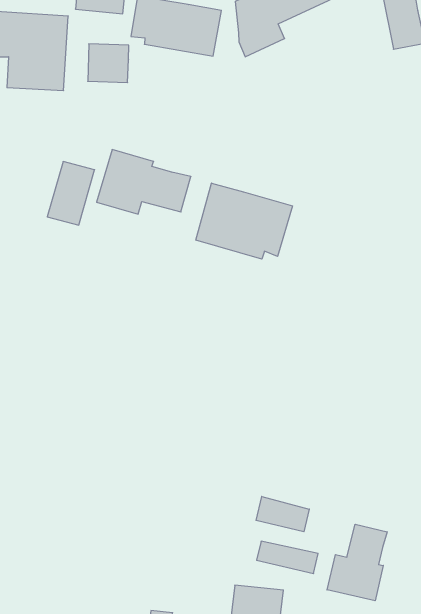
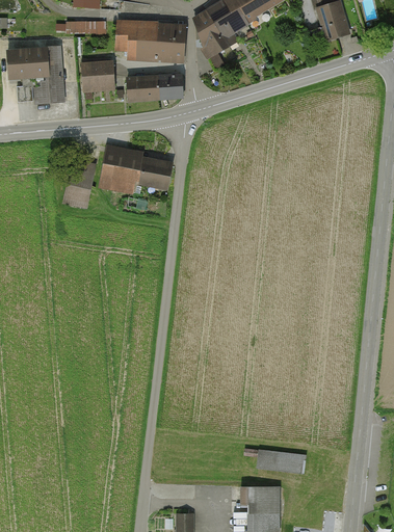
building: none -> [125,72,182,102]
building: [196,183,292,259] -> none
building: [256,496,309,532] -> none
building: [327,524,387,601] -> none

